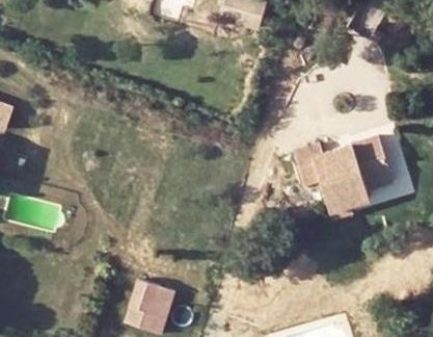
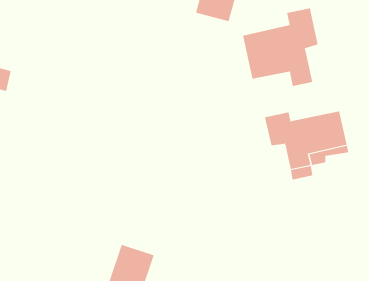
building: none -> [243,7,318,87]

